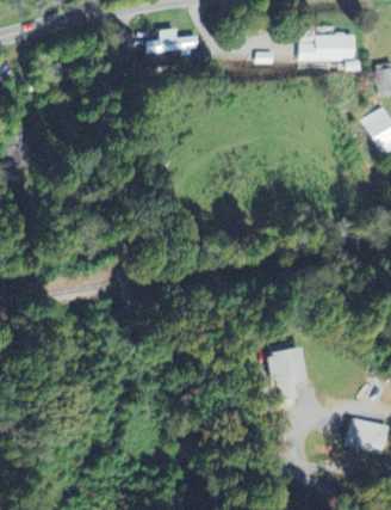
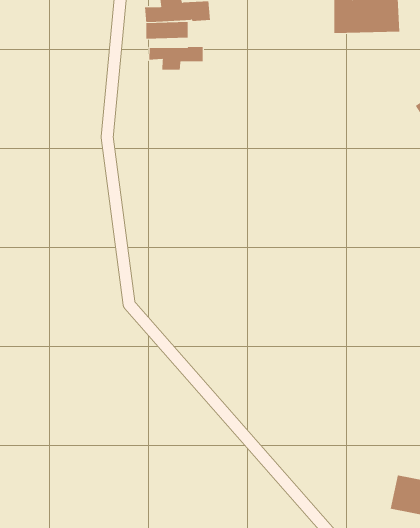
building: none -> [149,46,203,70]
building: [261,340,302,400] -> none

